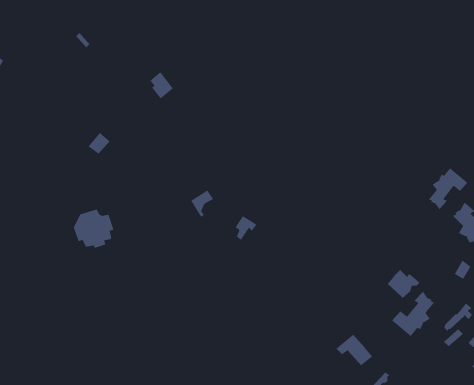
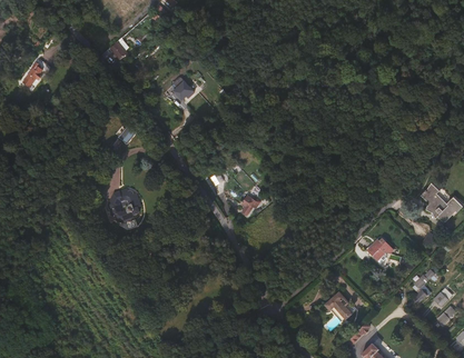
building: [427,167,468,211] -> none
building: [391,290,436,337] -> none

